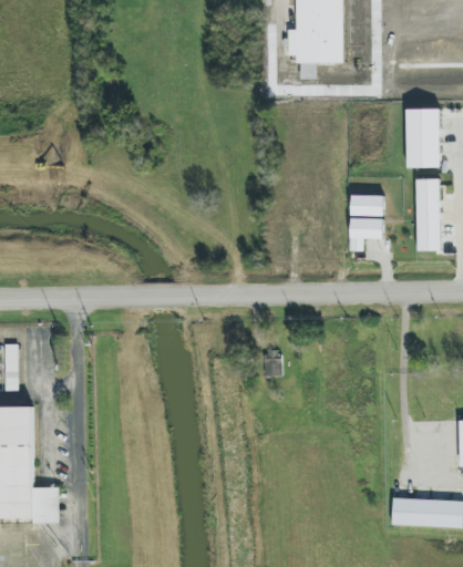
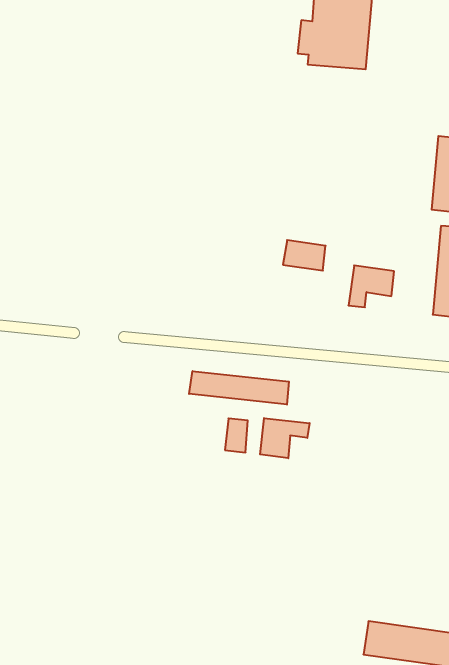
building: [350,195,382,216] -> [283,240,326,271]
building: none -> [189,371,289,405]
building: none -> [260,418,310,458]

